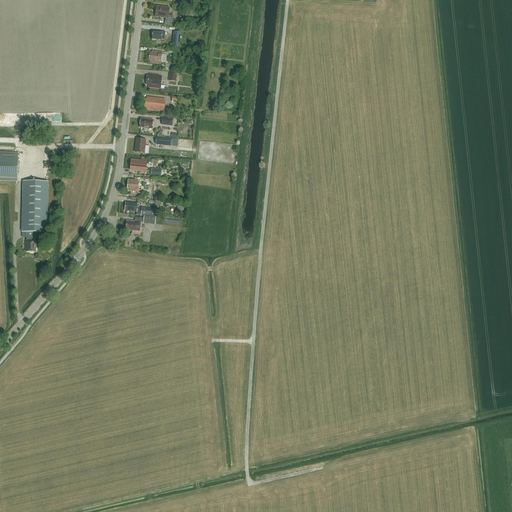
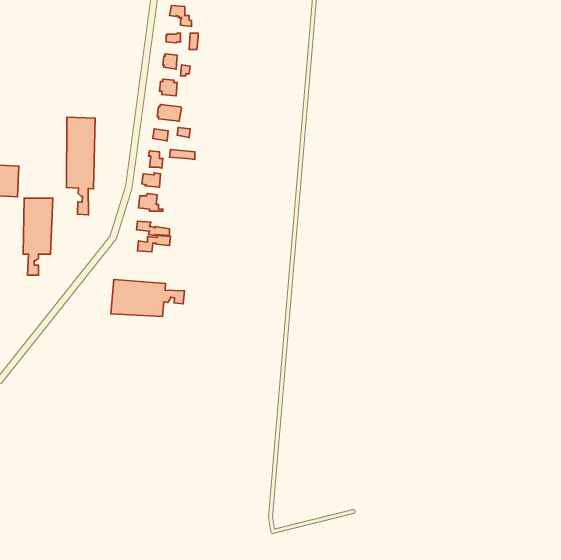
building: none -> [66,117,95,215]
building: none -> [111,280,184,316]

